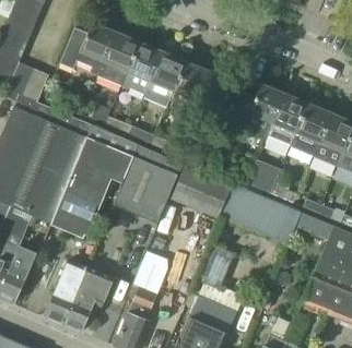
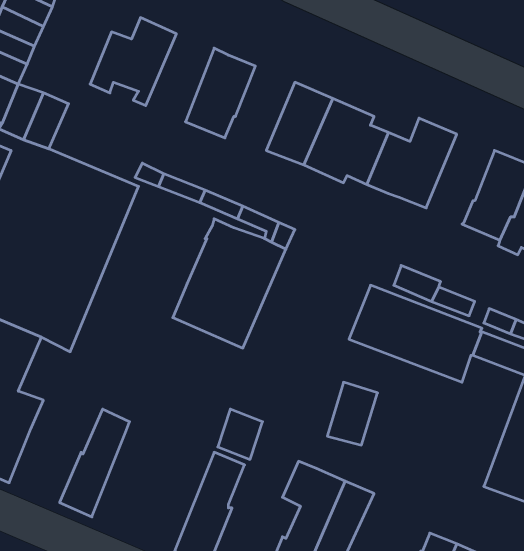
building: [96,31,138,84] -> none
building: [151,50,187,101] -> none
building: [267,92,308,145] -> none
building: [50,123,139,237] -> none
building: [169,165,233,217] -> none
building: [63,266,114,331] -> none

